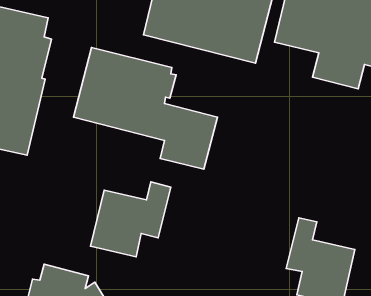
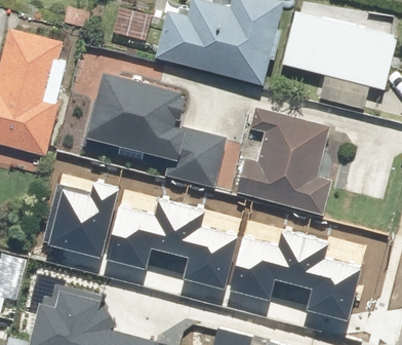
building: none -> [236,108,332,216]
building: none -> [44,185,118,262]
building: none -> [168,206,236,292]
building: none -> [227,231,305,304]

